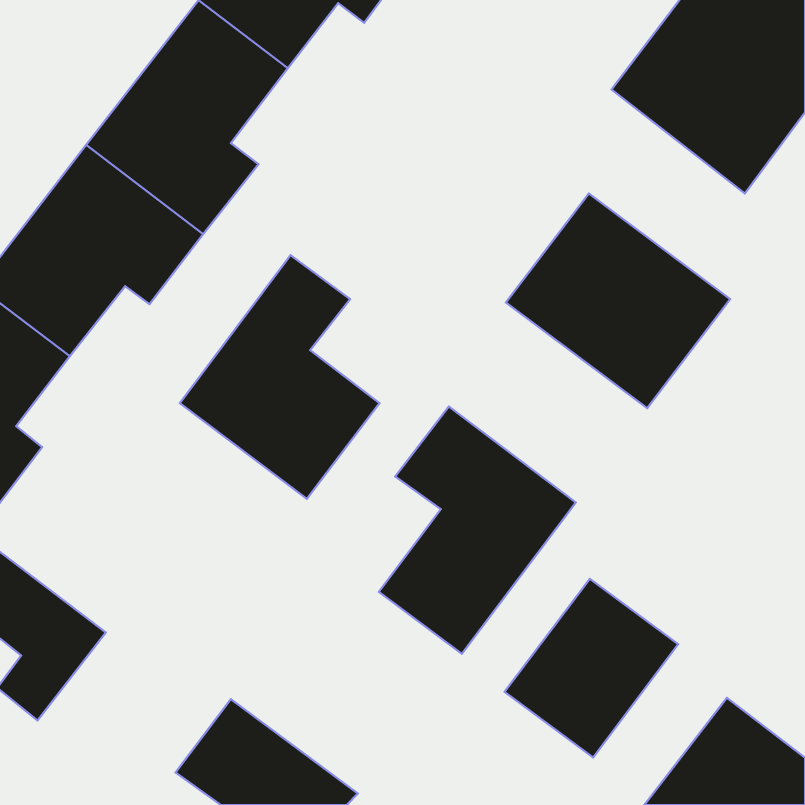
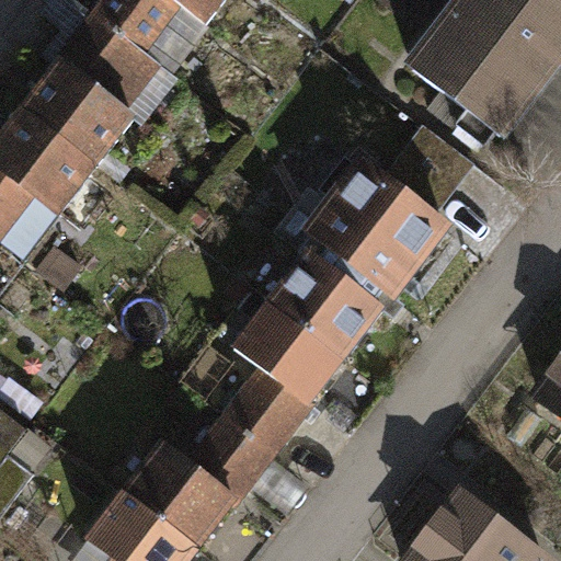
building: [180,255,380,499] -> none
building: none -> [302,204,436,339]
building: [505,579,678,757] -> none
building: none -> [156,399,311,535]

